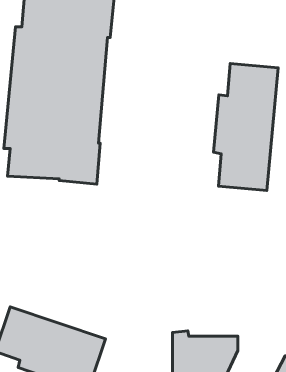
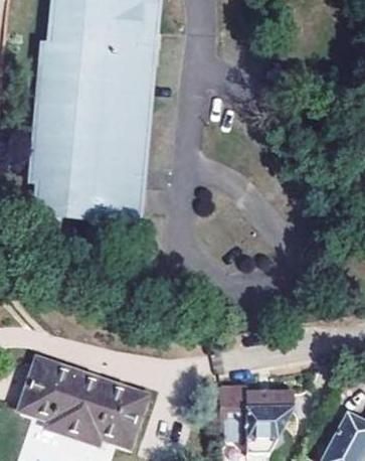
building: [214,63,278,190] -> none

